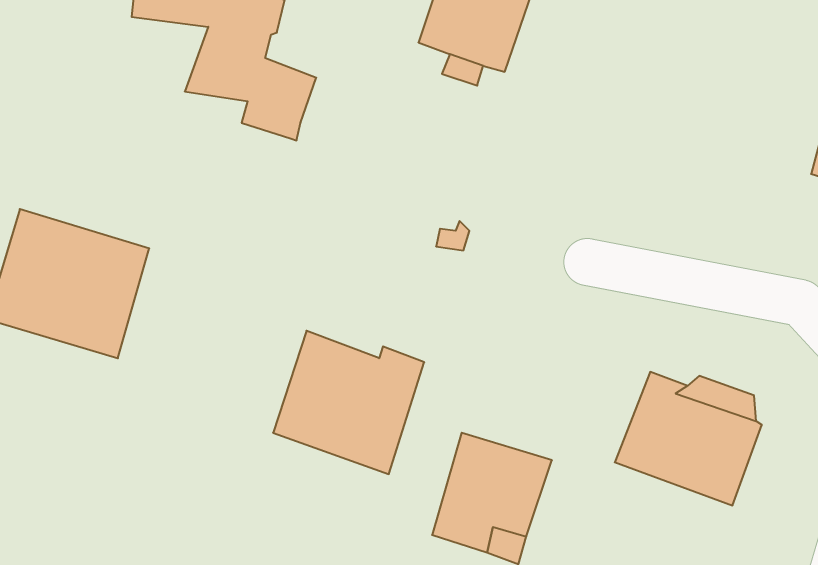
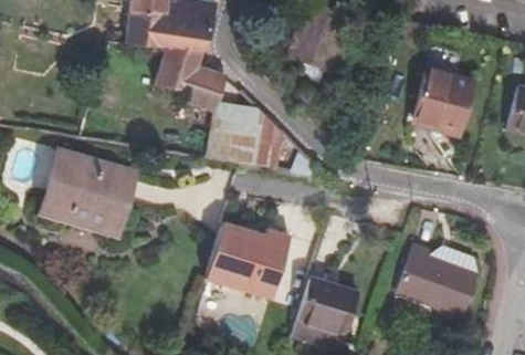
building: none -> [412,69,473,136]
building: none -> [208,102,282,166]

